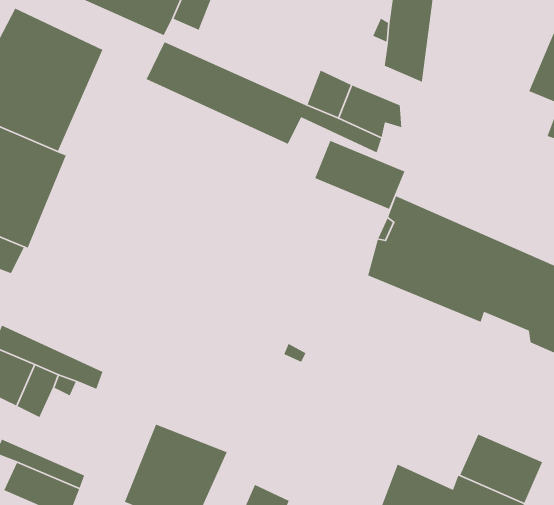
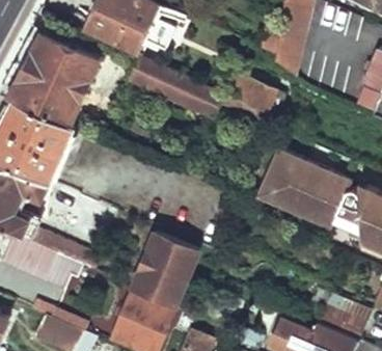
building: [314,140,405,210] -> none
building: none -> [135,234,200,305]

